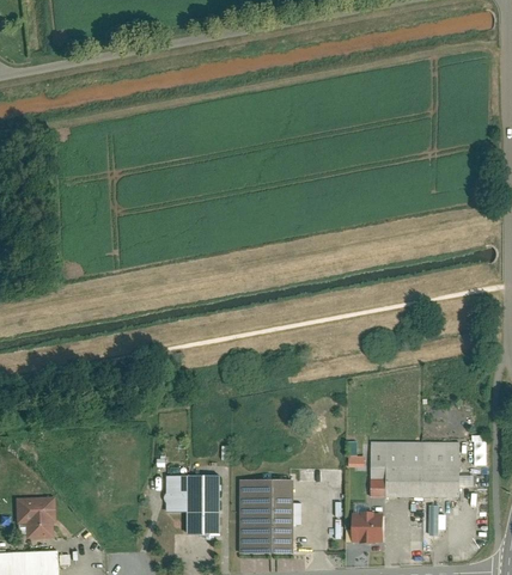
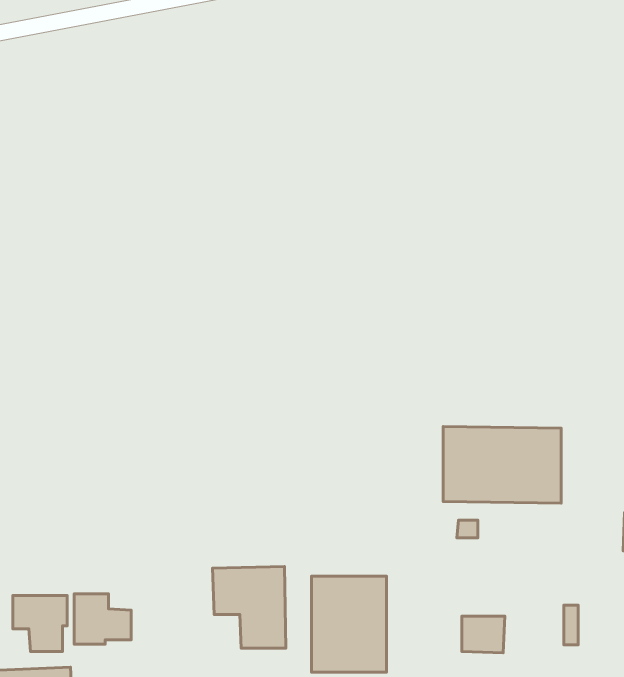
building: [370,439,458,496] -> [443,426,561,503]
building: none -> [74,594,131,644]

